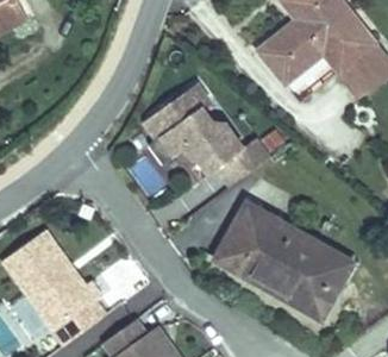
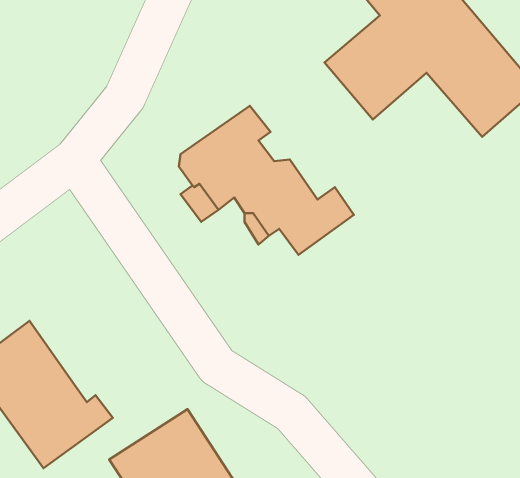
building: [208,209,352,330] -> none

